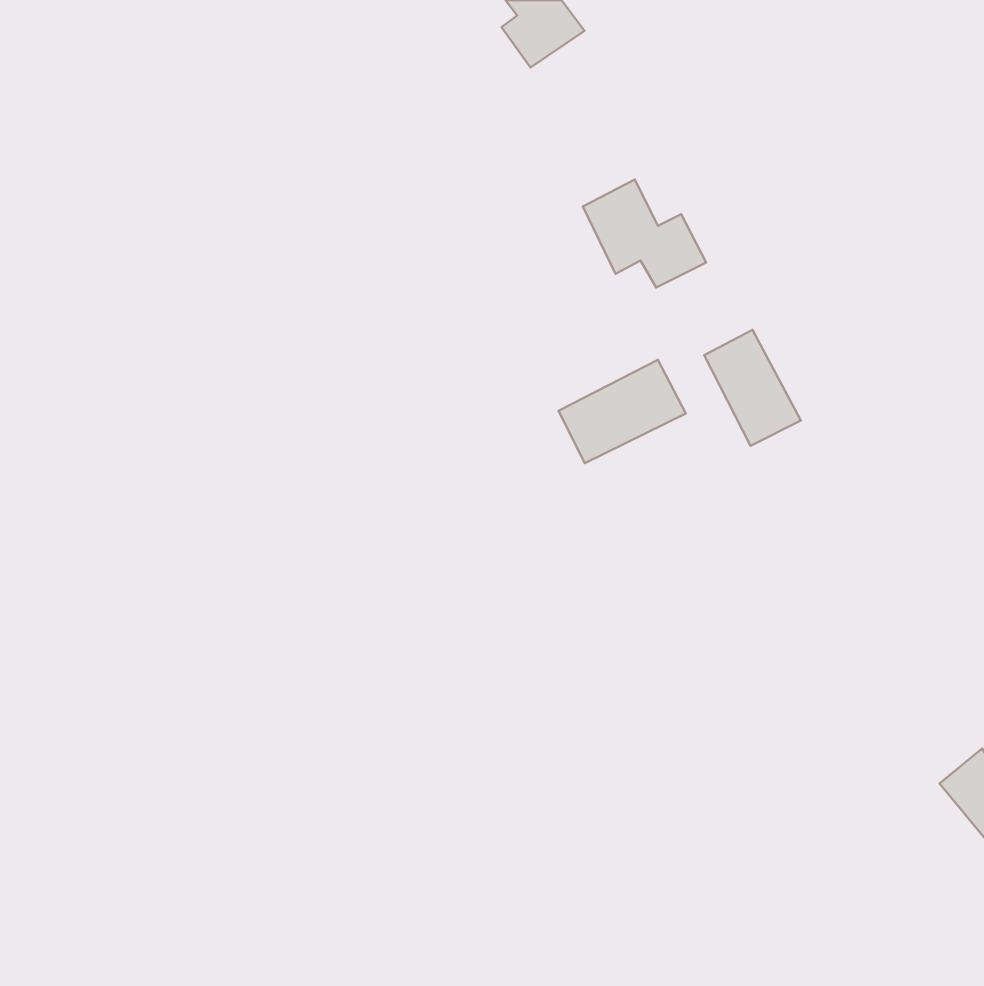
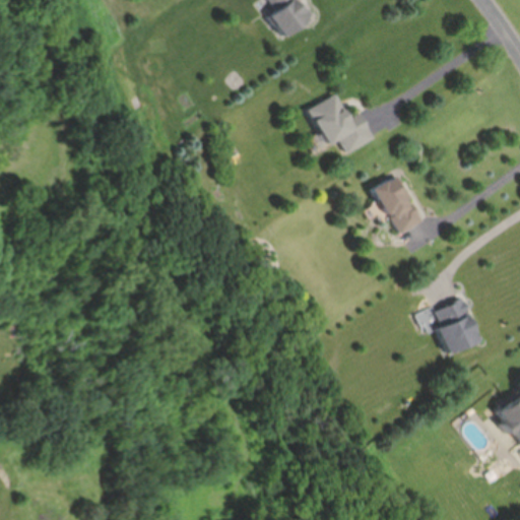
building: [558,360,686,463] -> none
building: none -> [433,300,480,352]

